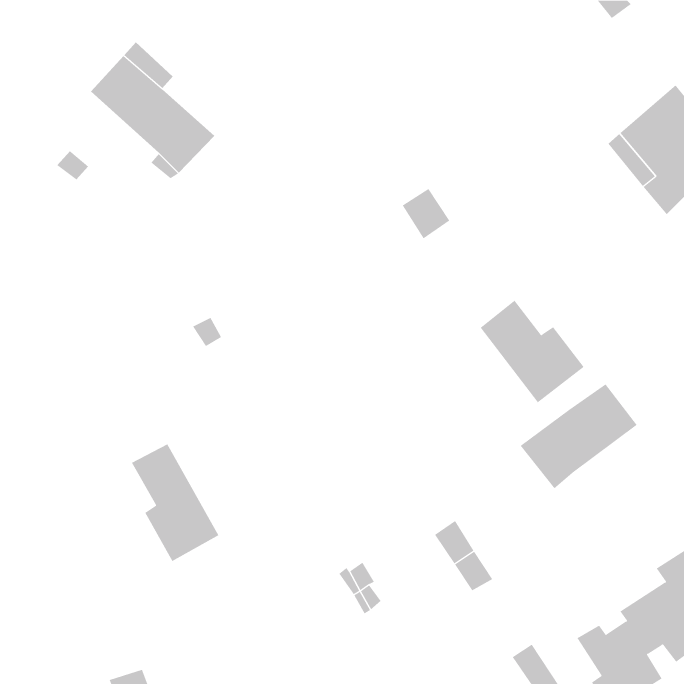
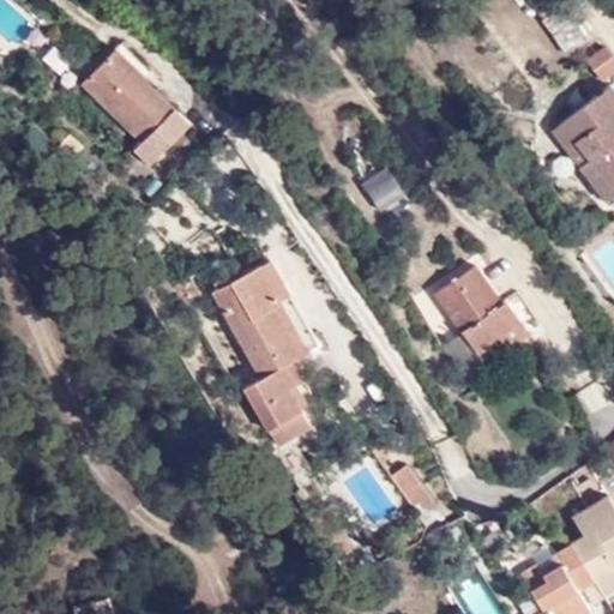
building: none -> [212,266,320,455]
building: [520,383,637,489] -> none
building: [131,443,219,562] -> none

